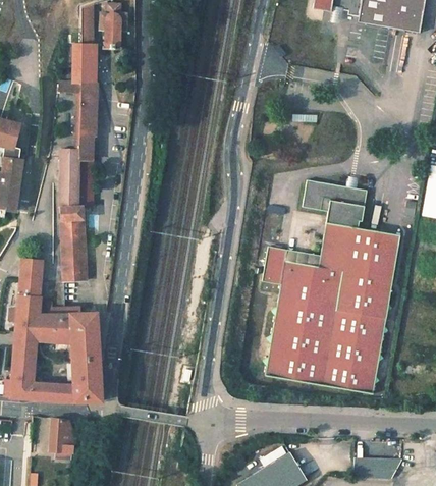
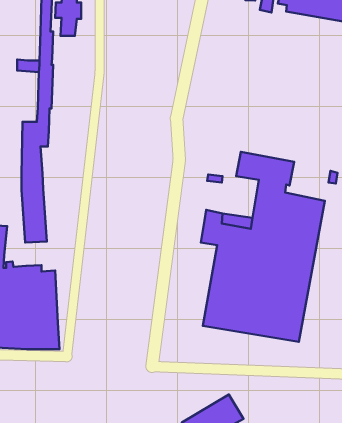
building: [49,418,72,452] -> none
building: [353,460,401,480] -> none

